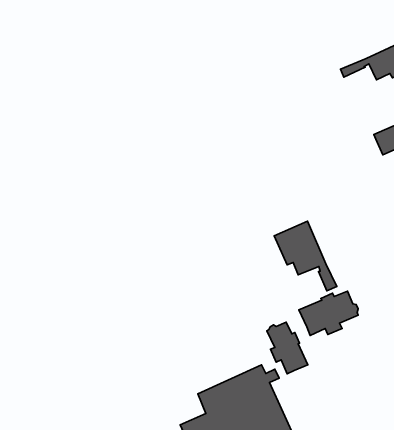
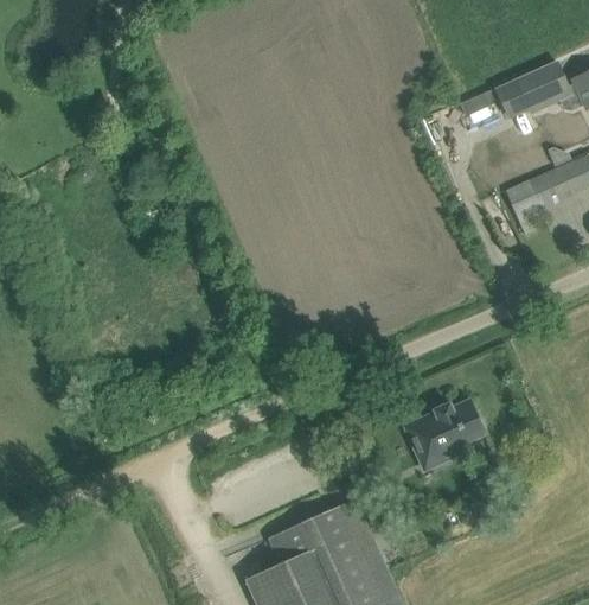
building: [274,221,337,291] -> none
building: [267,322,308,374] -> none

